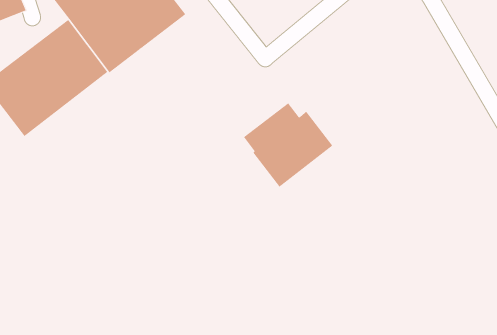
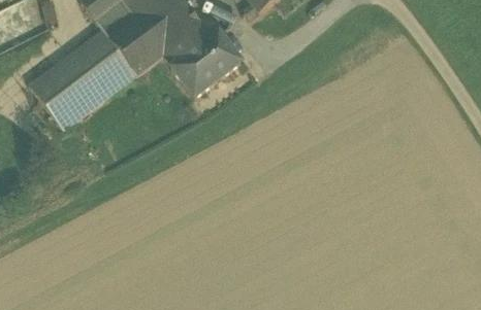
building: [243,102,333,188] -> [164,25,242,98]

